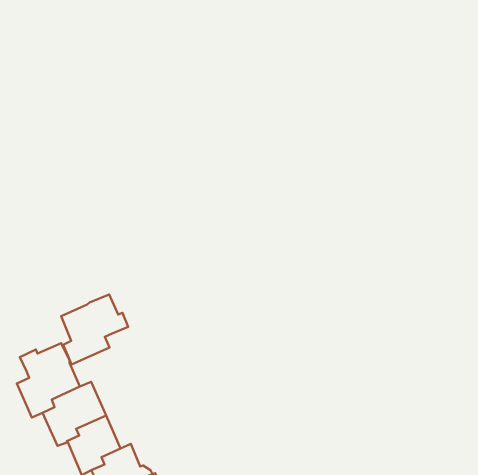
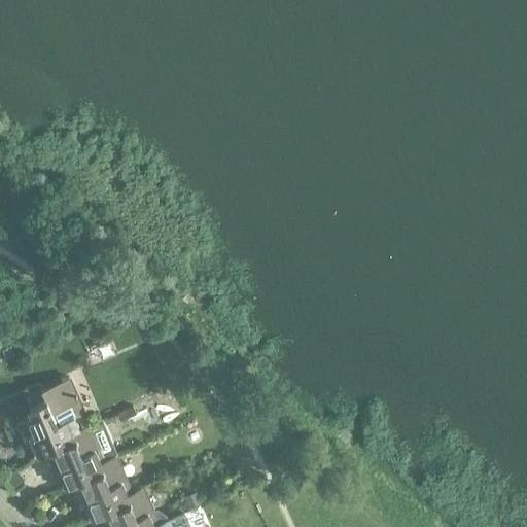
building: [61,294,128,365] -> none

